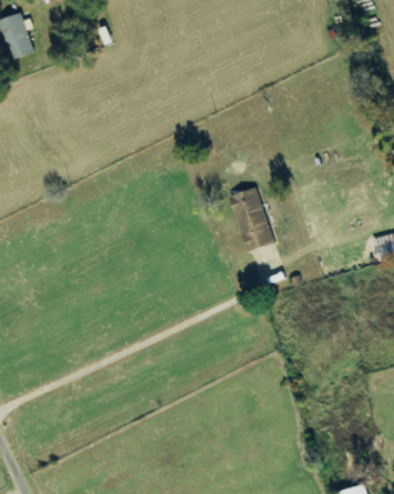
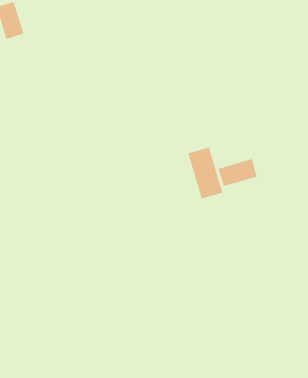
building: none -> [218,158,257,187]

